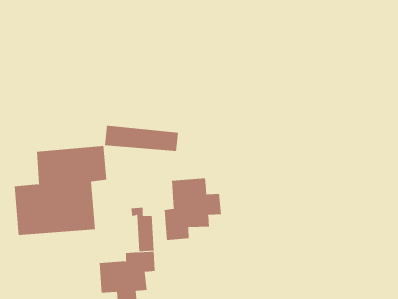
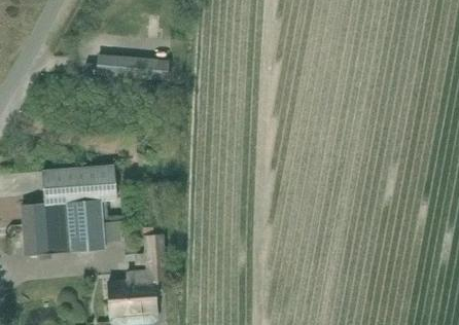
building: [104,125,179,152] -> [94,53,170,80]
building: [164,178,221,241] -> none

